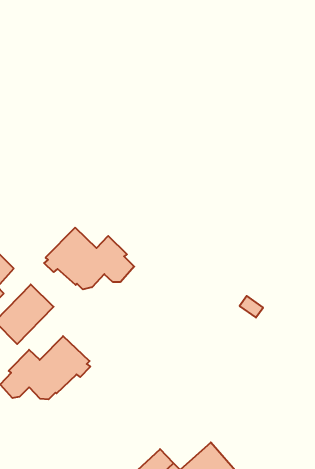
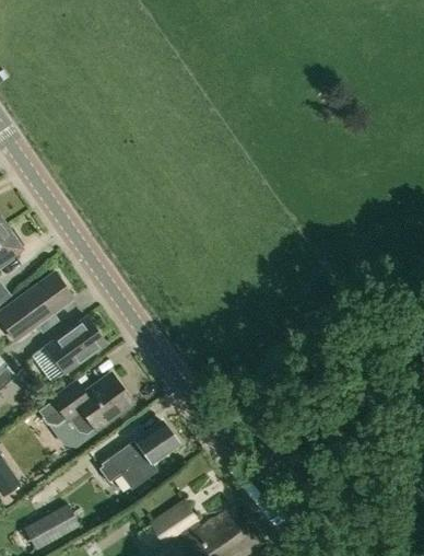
building: [44,228,134,289] -> none
building: none -> [98,425,176,490]

